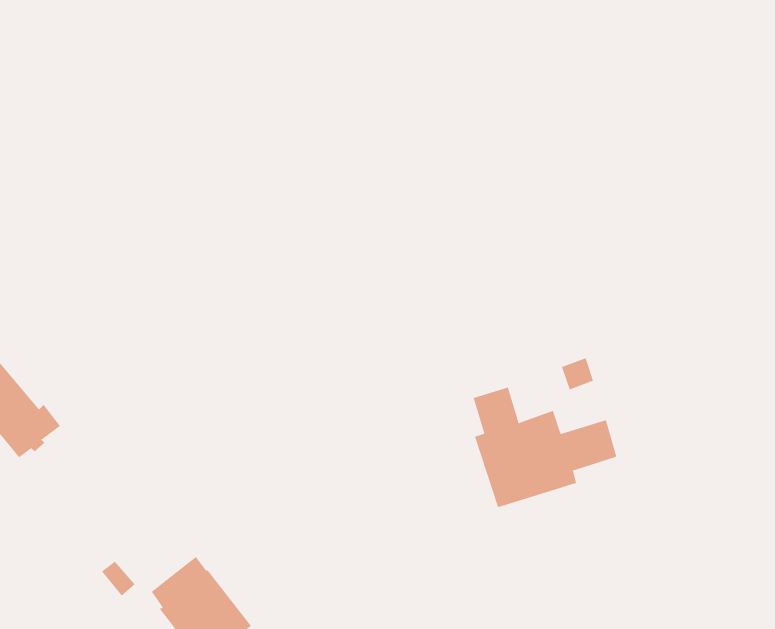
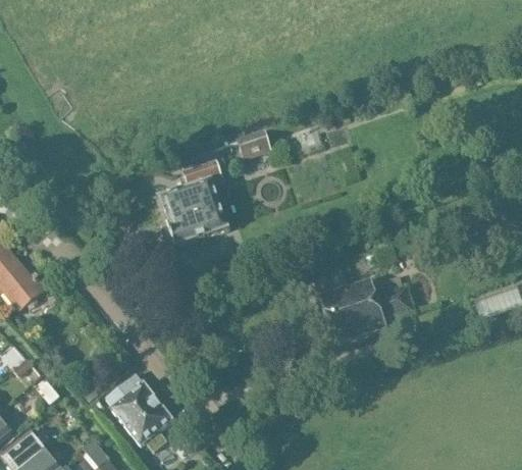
building: none -> [237,128,271,158]
building: none -> [159,148,226,247]

